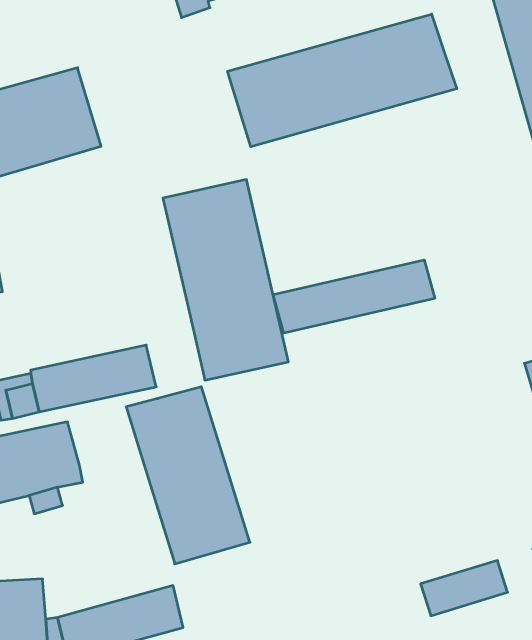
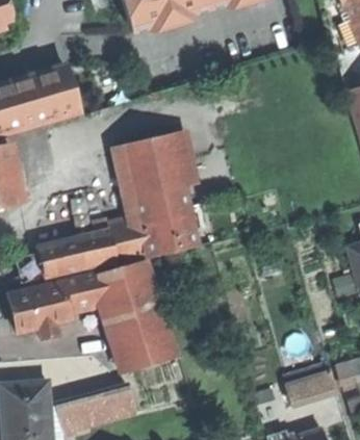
building: [228,14,457,147] -> none
building: [273,260,435,333] -> none
building: none -> [40,218,149,269]
building: none -> [63,275,108,311]

